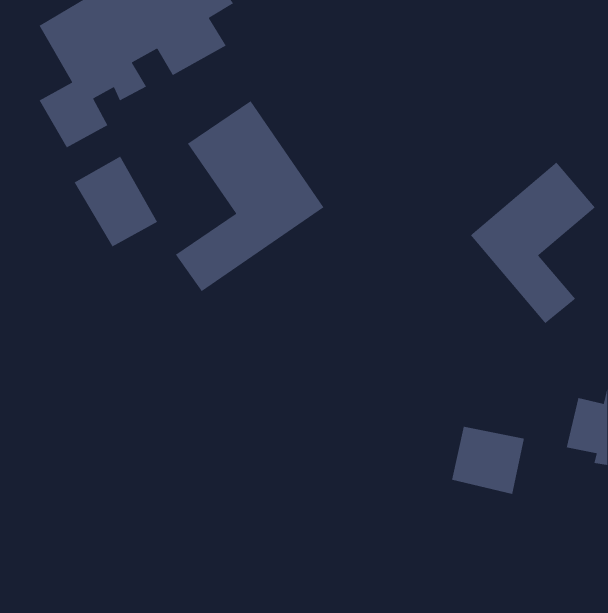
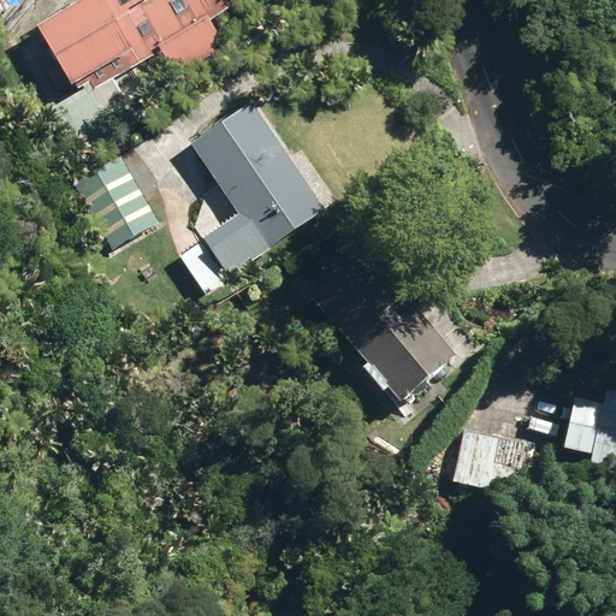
building: [470,162,596,324] -> none
building: none -> [310,243,460,402]

